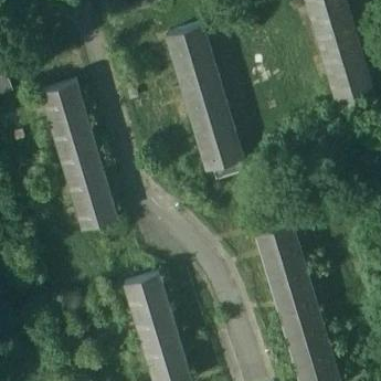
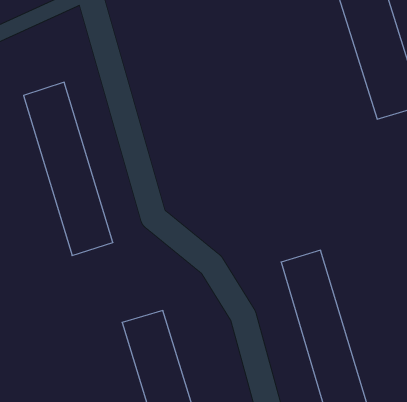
building: [166,27,244,171] -> none

